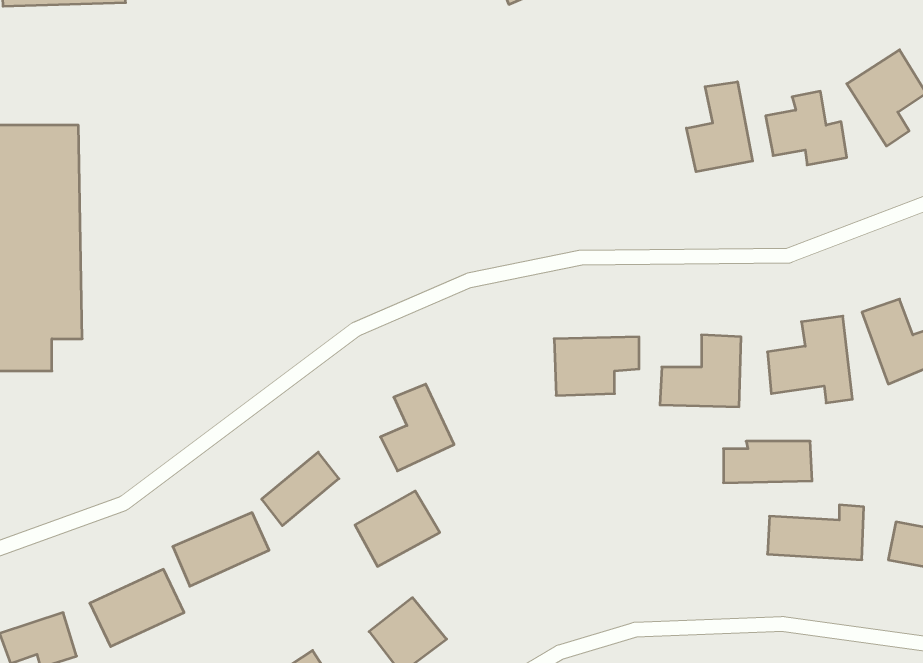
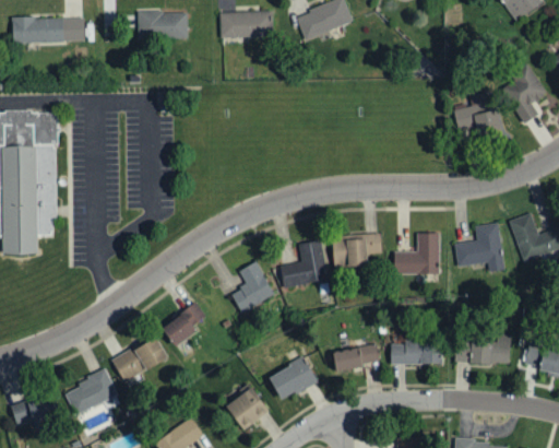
building: [686,82,753,172] -> none
building: none -> [281,241,326,286]
building: [723,441,812,483] -> [391,340,442,364]
building: [355,491,440,566] -> [269,356,318,400]
building: none -> [334,345,379,368]

